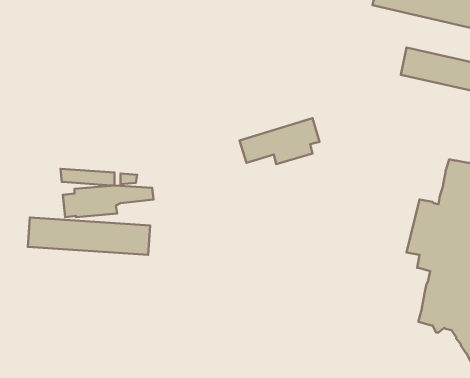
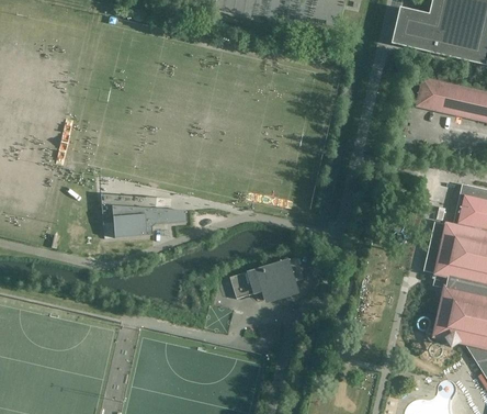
building: [240,118,320,164] -> [229,256,304,299]
building: [28,218,150,255] -> none

